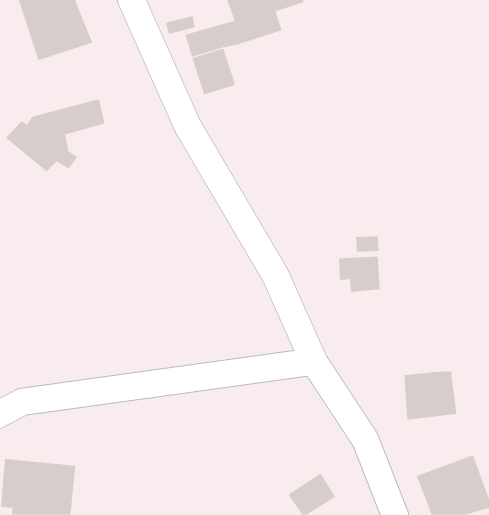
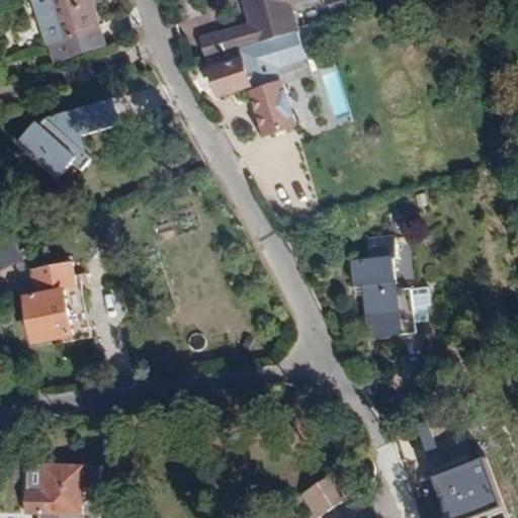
building: none -> [236,31,306,76]
building: none -> [245,79,296,138]
building: none -> [19,261,87,344]
building: [403,371,457,420] -> [362,289,416,339]

